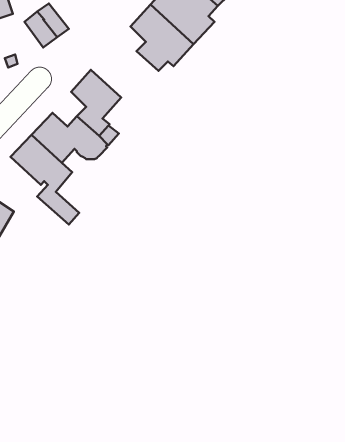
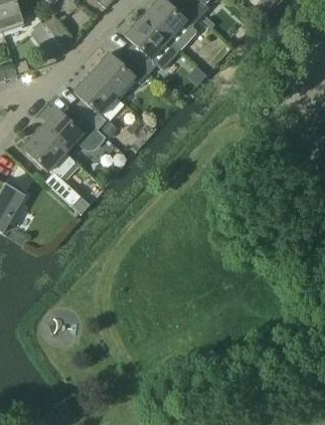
building: none -> [91,53,149,96]

